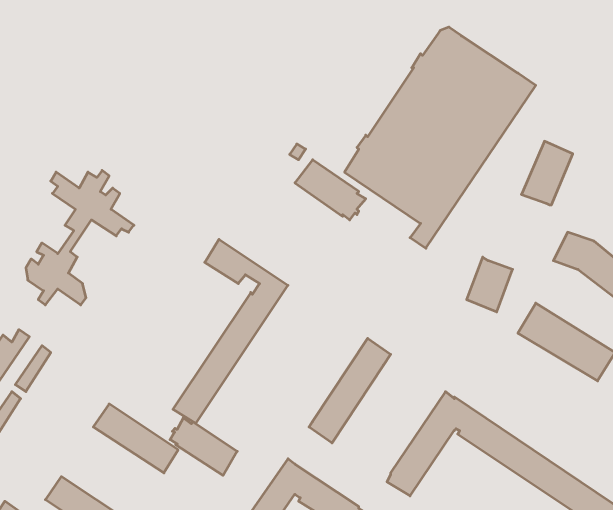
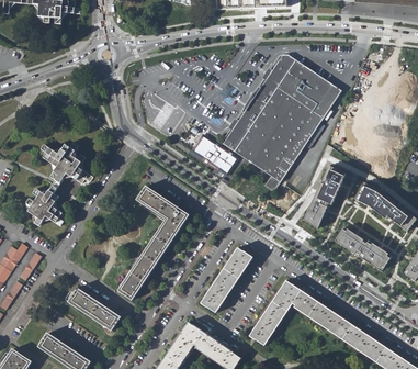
building: [521,141,573,205] -> [312,166,343,205]
building: [170,418,237,475] -> none

